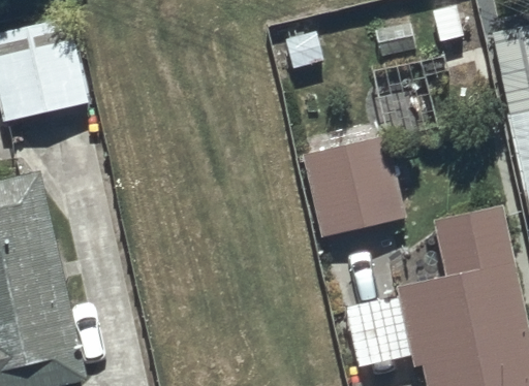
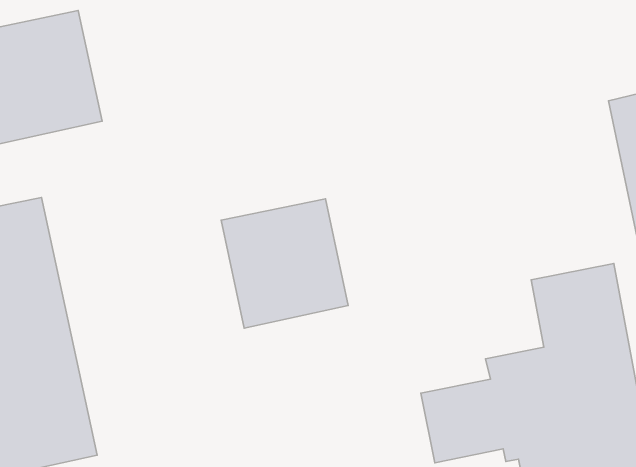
building: [303,133,406,238] -> [221,199,348,328]

